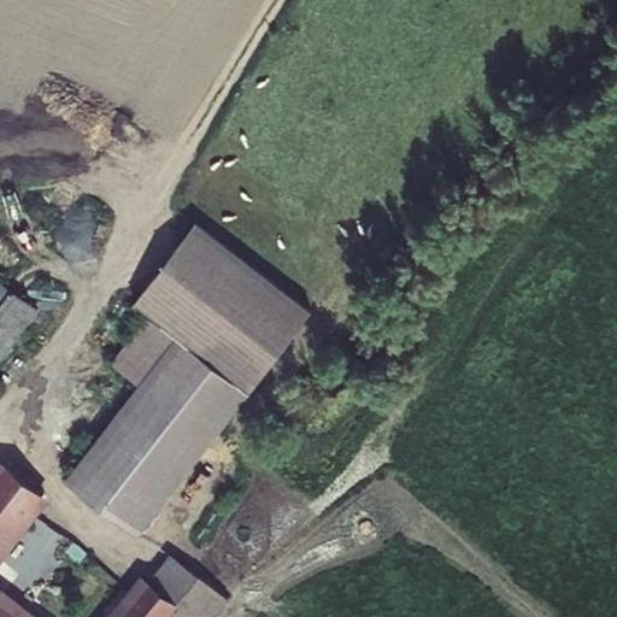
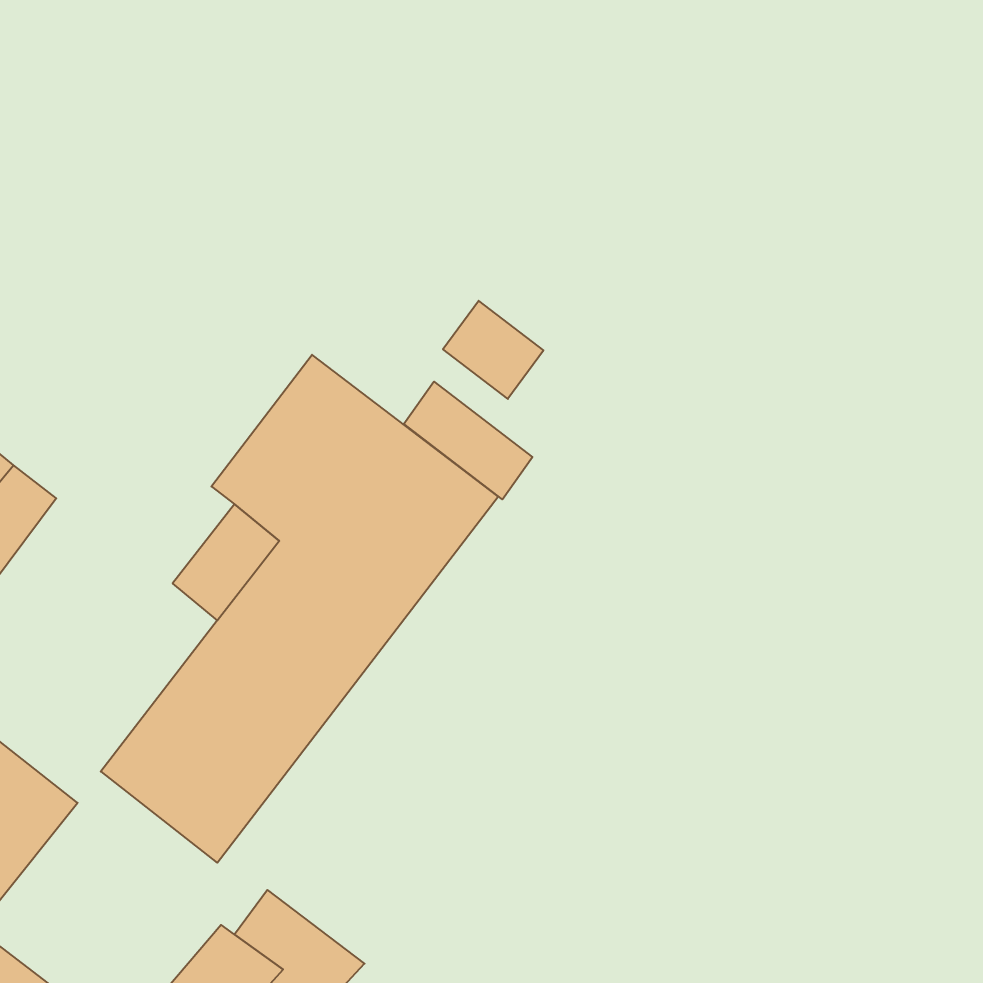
building: none -> [443,301,543,399]
building: none -> [404,382,532,499]

